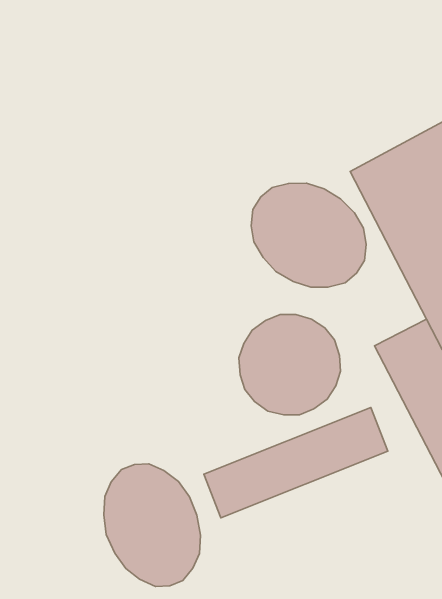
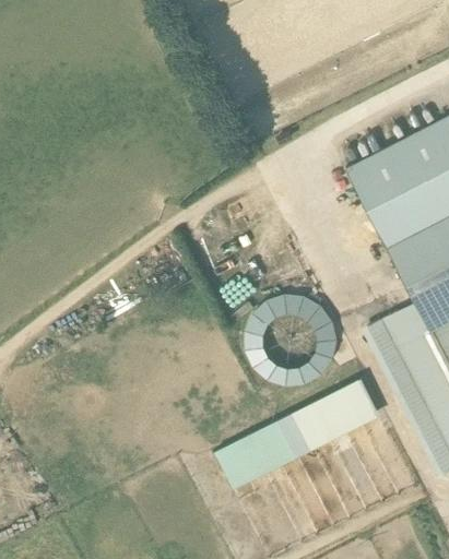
building: [251,183,366,287] -> none
building: [104,464,201,586] -> none

